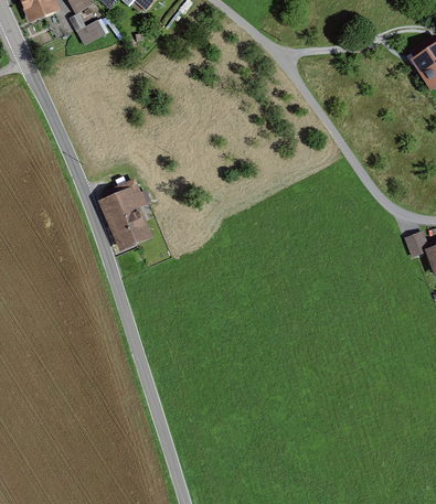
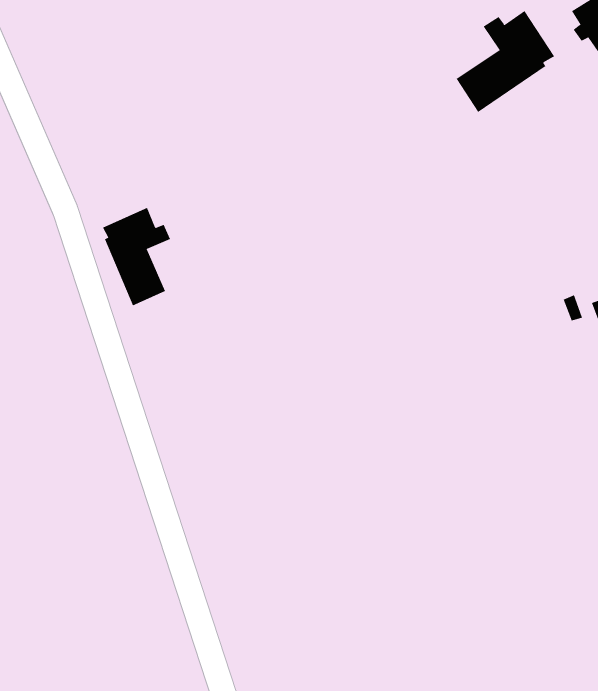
building: none -> [456,10,555,113]

